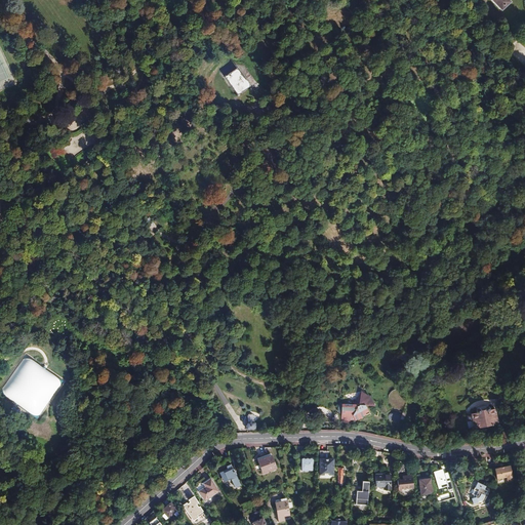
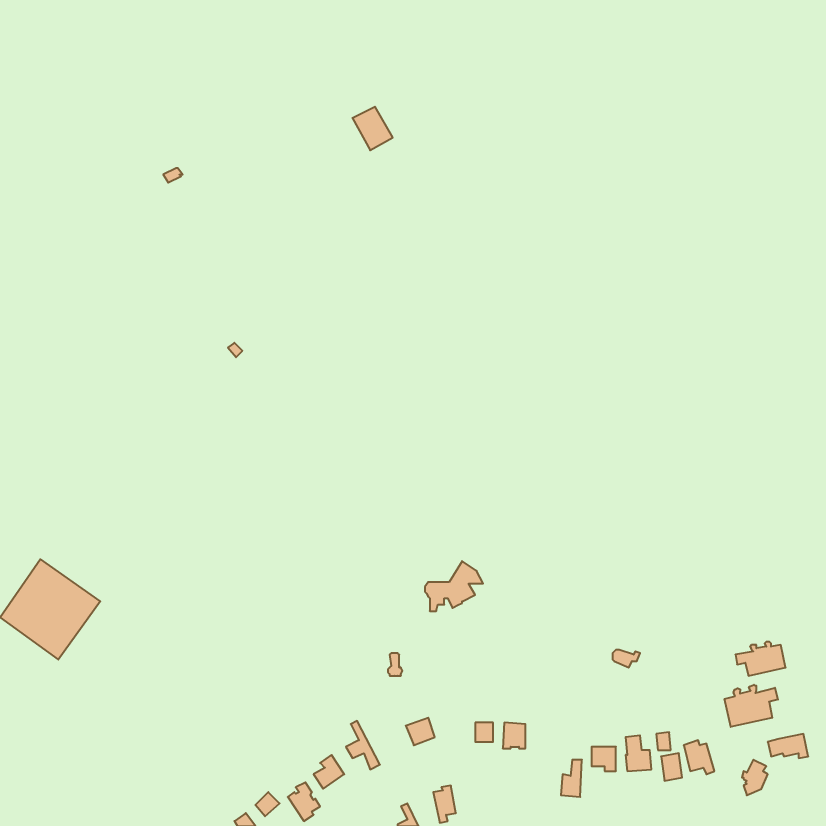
building: [337,391,374,422] -> [425,561,483,611]
building: none -> [725,685,778,727]

